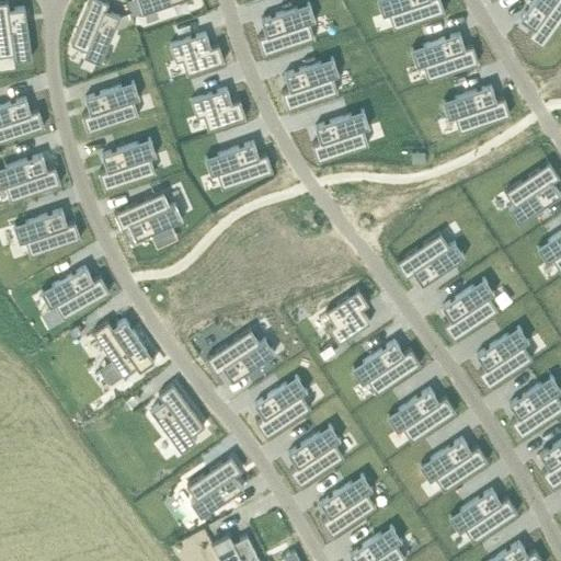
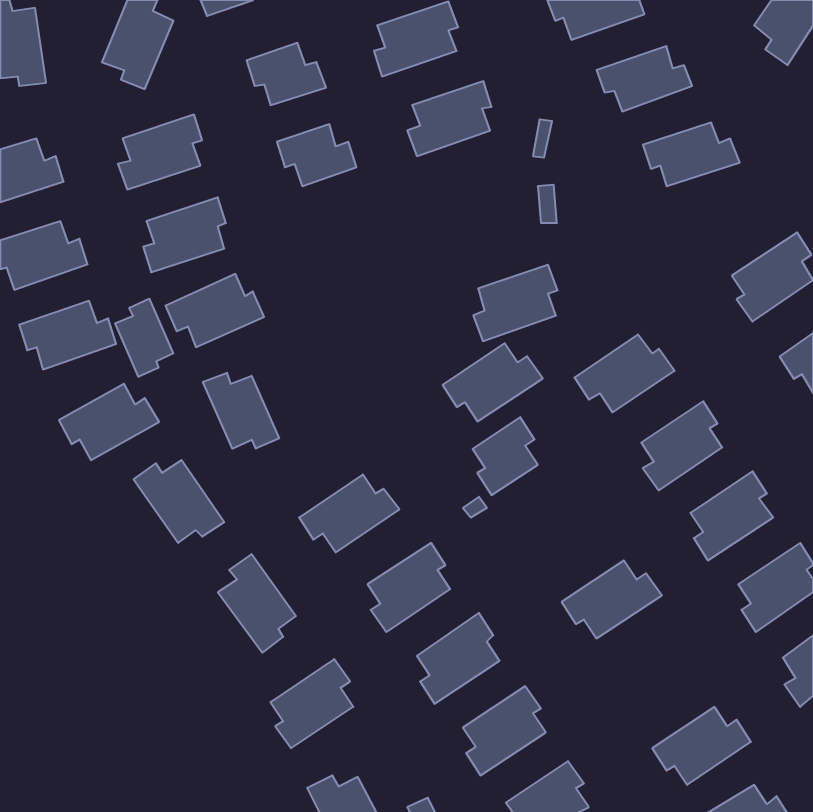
building: [311,108,369,161] -> [473,265,558,341]
building: [205,140,272,187] -> none
building: none -> [115,299,173,377]
building: none -> [203,373,279,449]
building: [352,339,421,392] -> [443,343,543,421]
building: [419,436,488,490] -> none

